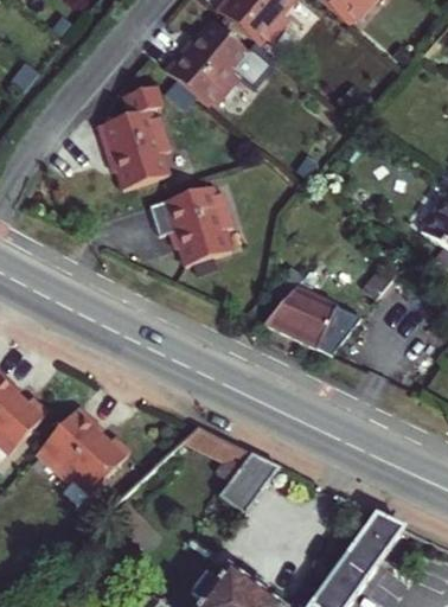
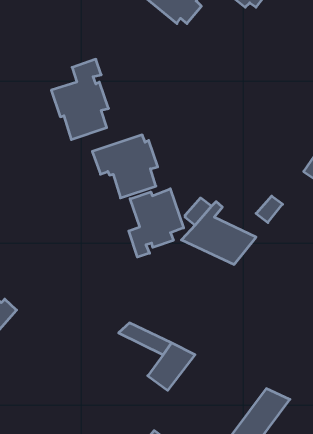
building: [164,18,274,103] -> none
building: none -> [129,189,184,257]
building: [38,408,132,494] -> none

